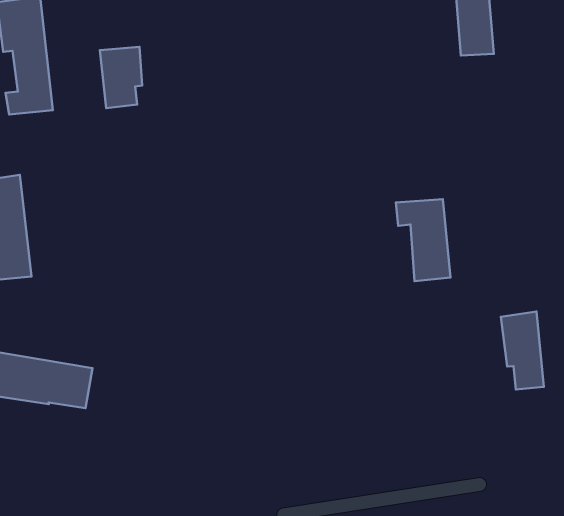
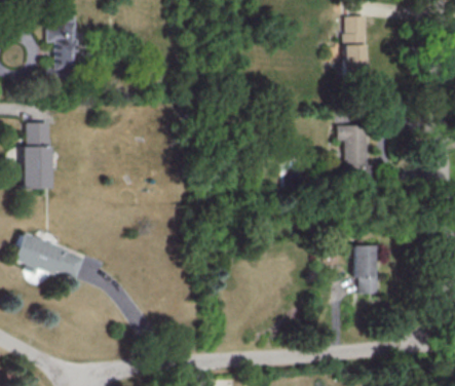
building: [100,47,142,108] -> none
building: [396,199,450,281] -> [338,124,369,177]

